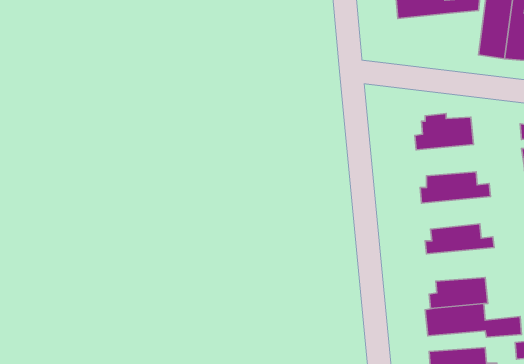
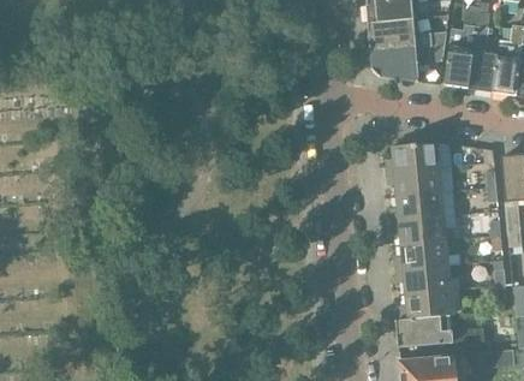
building: none -> [371,43,446,81]
building: none -> [388,167,443,196]
building: none -> [393,215,457,245]
building: none -> [398,262,464,293]

